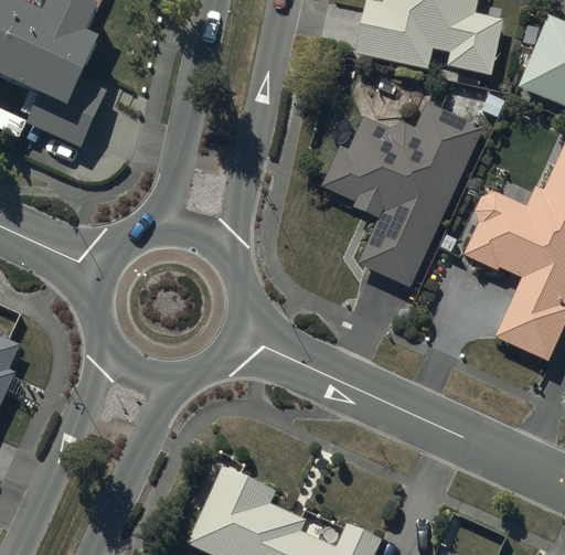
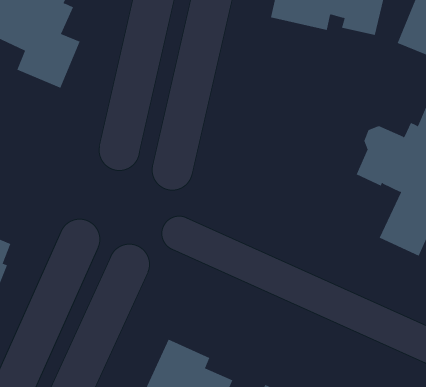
building: [323,100,486,289] -> none

